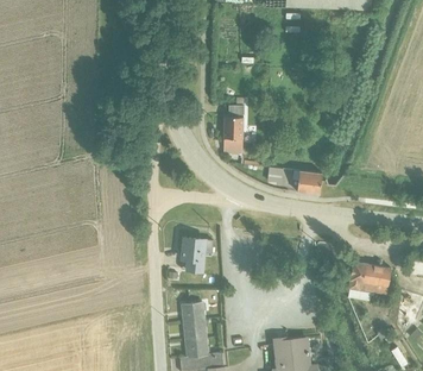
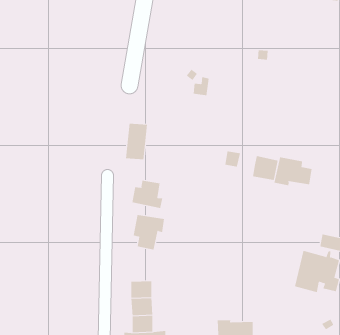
building: [222,118,242,153] -> [125,123,148,160]
building: none -> [274,157,312,186]
building: none -> [132,180,163,209]

